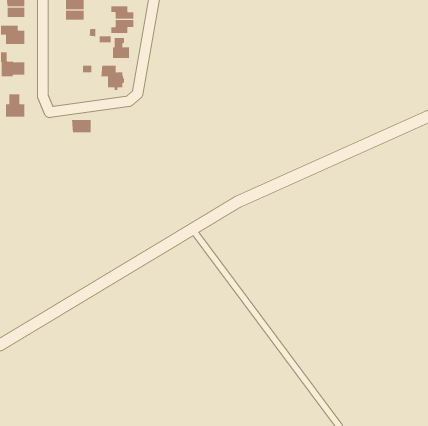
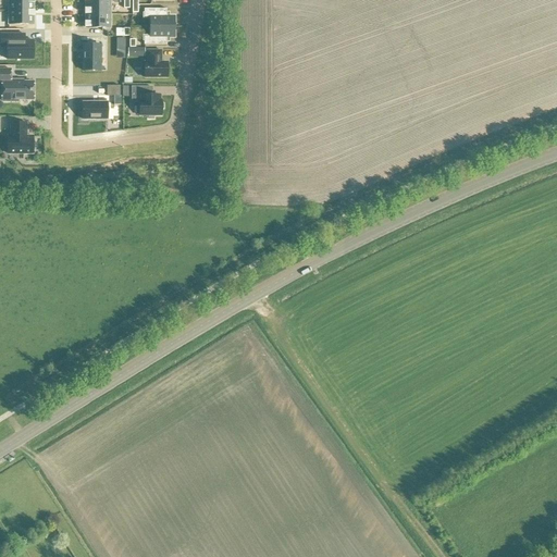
building: none -> [83,44,100,70]
building: [71,120,91,133] -> [82,100,108,117]

